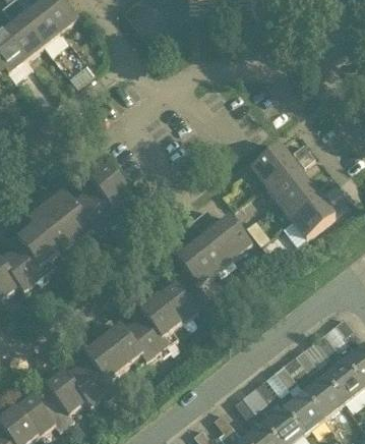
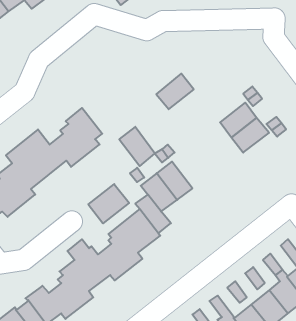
building: [252,143,295,183] -> [156,74,194,109]
building: [283,196,337,244] -> none
building: [211,214,252,259] -> [119,127,155,166]
building: none -> [88,184,129,223]

